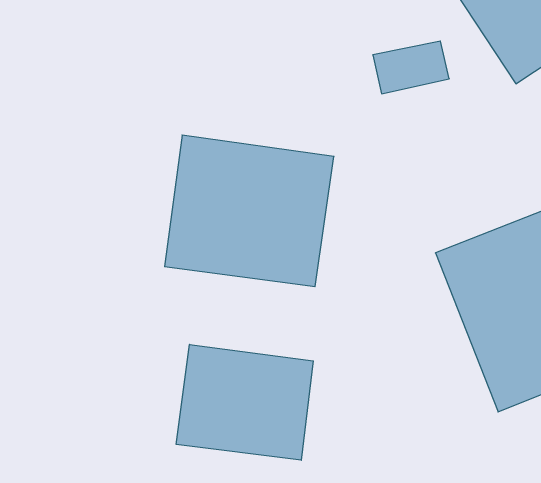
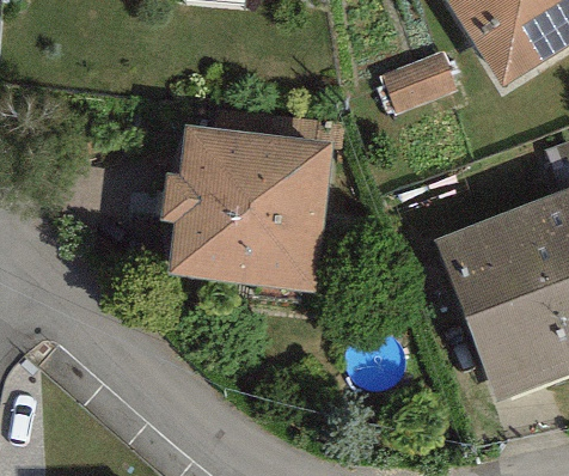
building: [176,344,313,460] -> none

